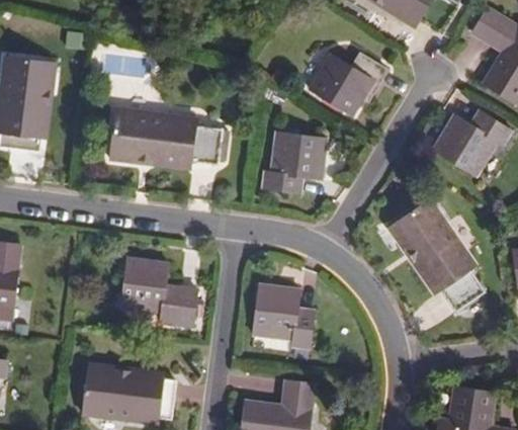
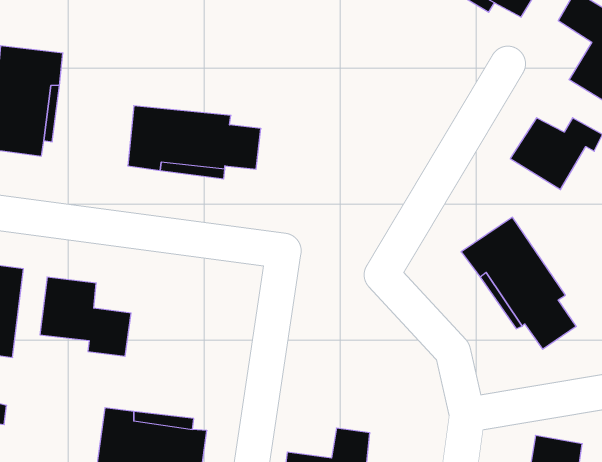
building: [307,52,385,115] -> none
building: [263,131,326,189] -> none
building: [121,257,198,324] -> [40,277,131,356]
building: [253,283,313,346] -> none

